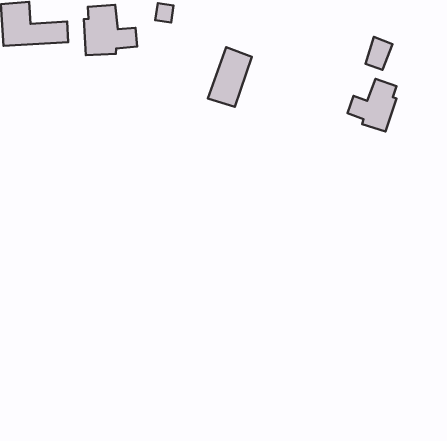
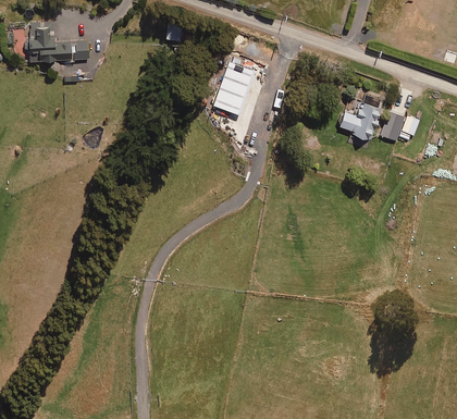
building: [84,5,137,55] -> none
building: [365,37,392,70] -> [380,112,404,141]

